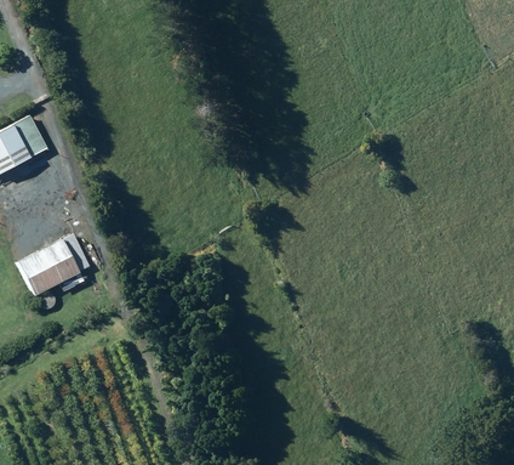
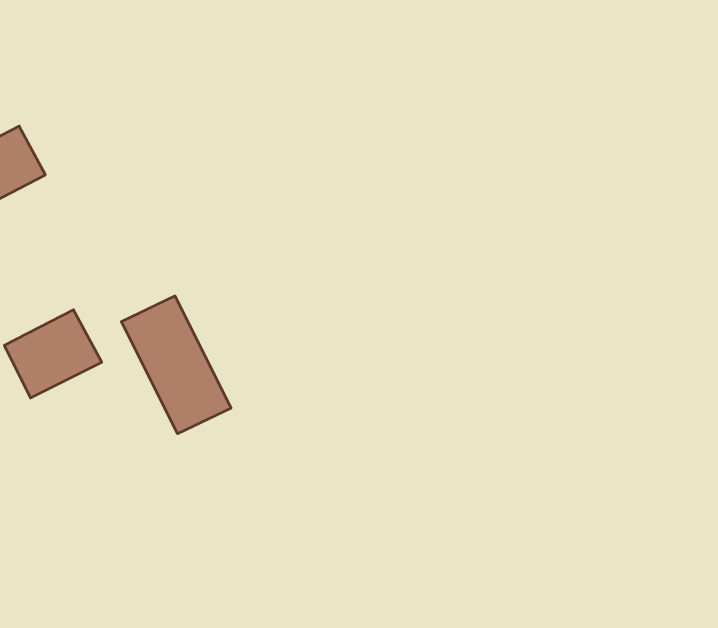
building: none -> [121,296,231,434]

